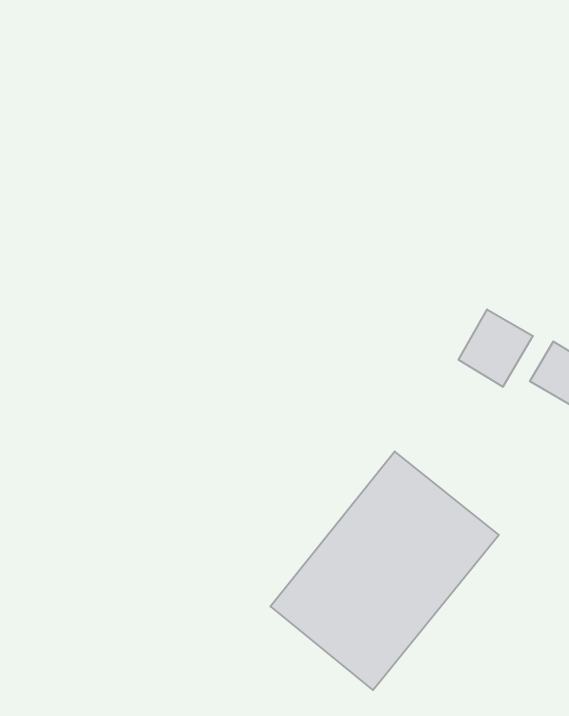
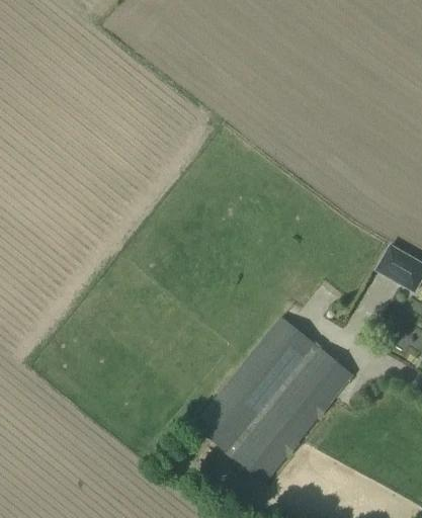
building: [459,309,533,387] -> none

